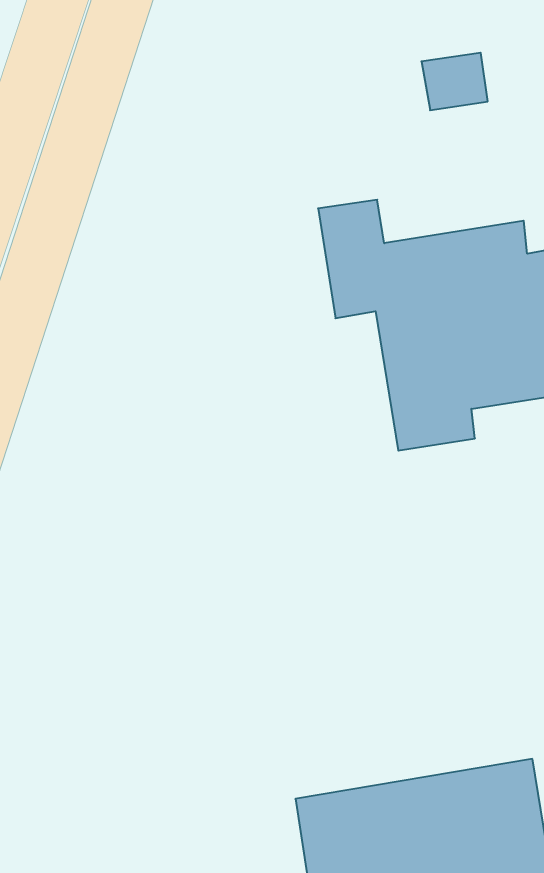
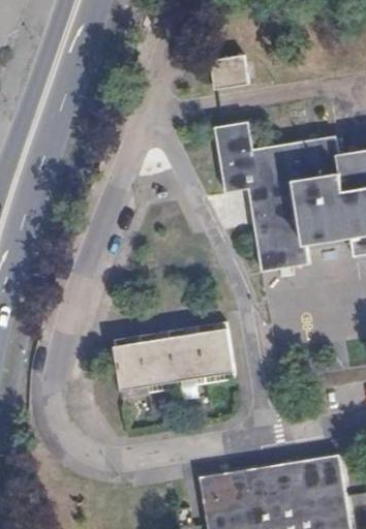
building: [421,53,488,110] -> [210,55,249,89]
building: none -> [111,331,230,391]

